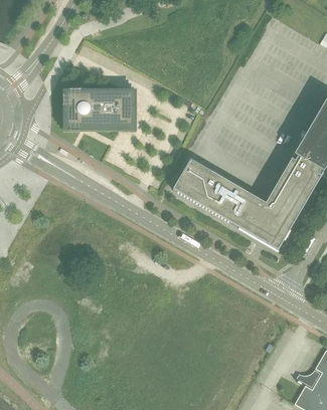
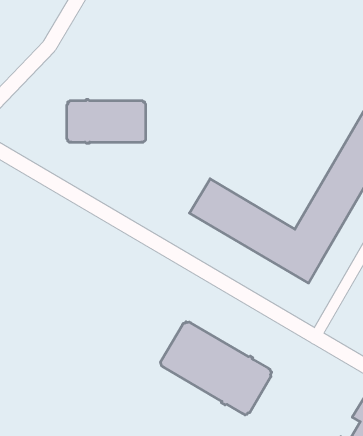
building: none -> [161,322,272,415]

